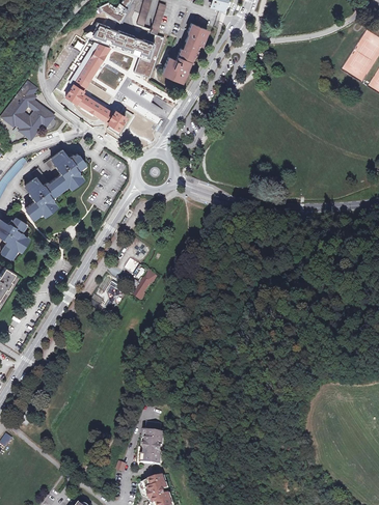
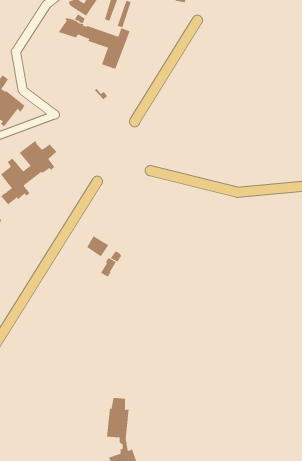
building: [162,24,211,85] -> none
building: [53,40,126,130] -> none

